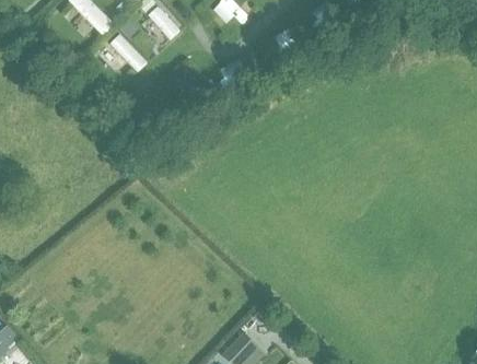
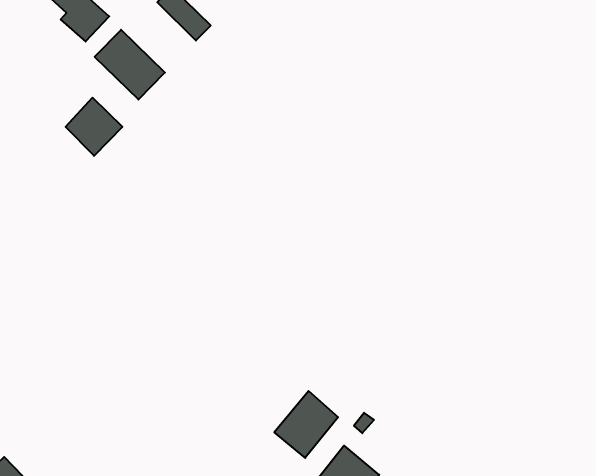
building: none -> [66,98,122,156]
building: none -> [274,391,338,458]

